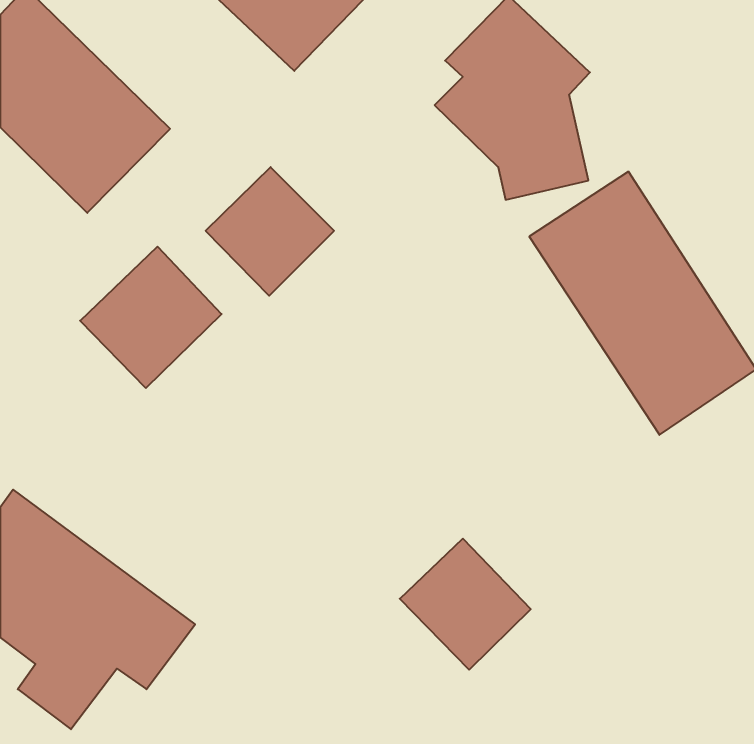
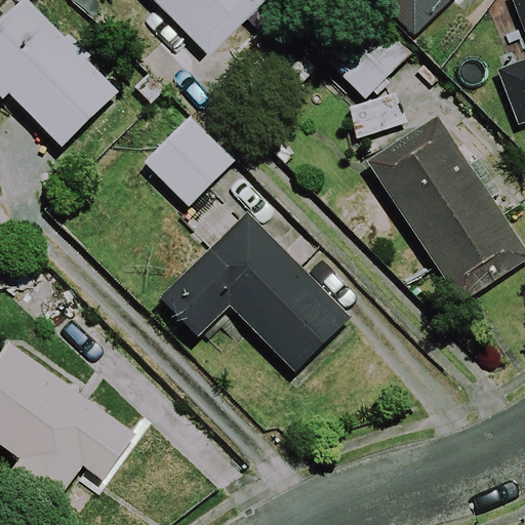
building: [80,247,222,388] -> none
building: none -> [162,216,346,368]
building: [400,539,531,670] -> none

